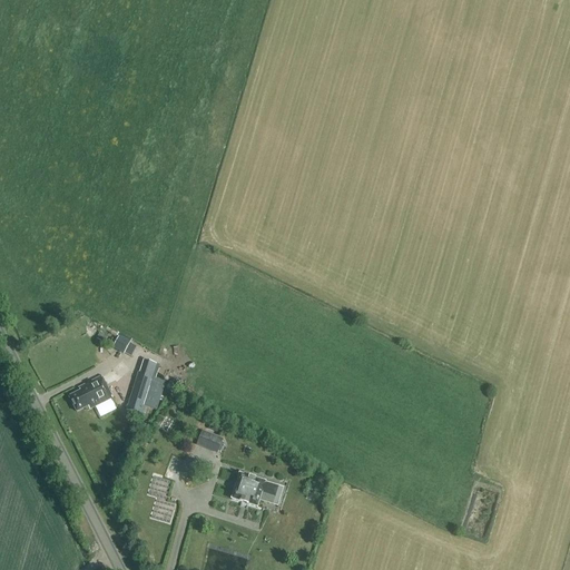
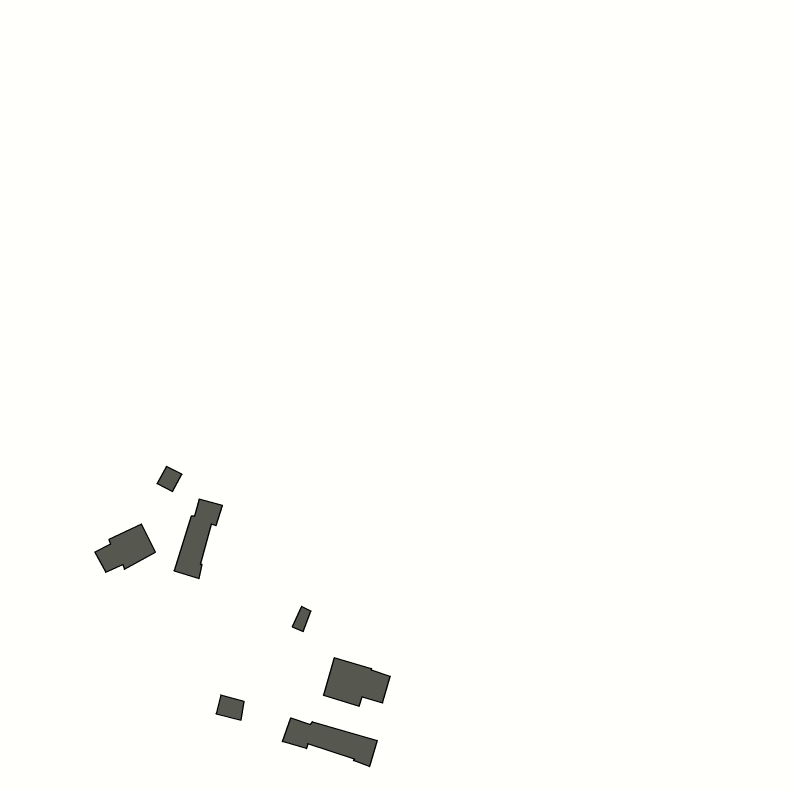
building: none -> [282,718,377,767]

